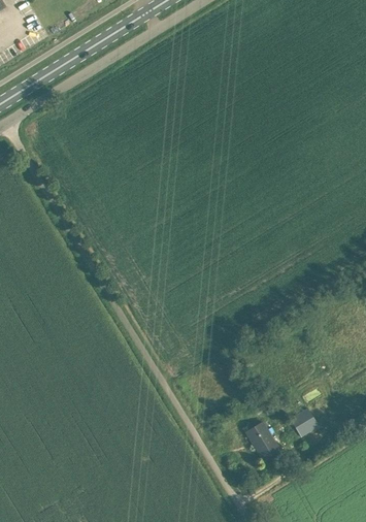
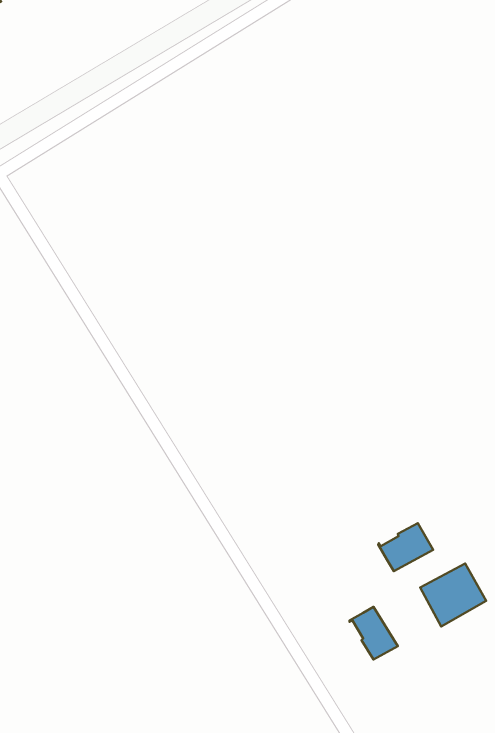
building: none -> [378,523,433,571]

